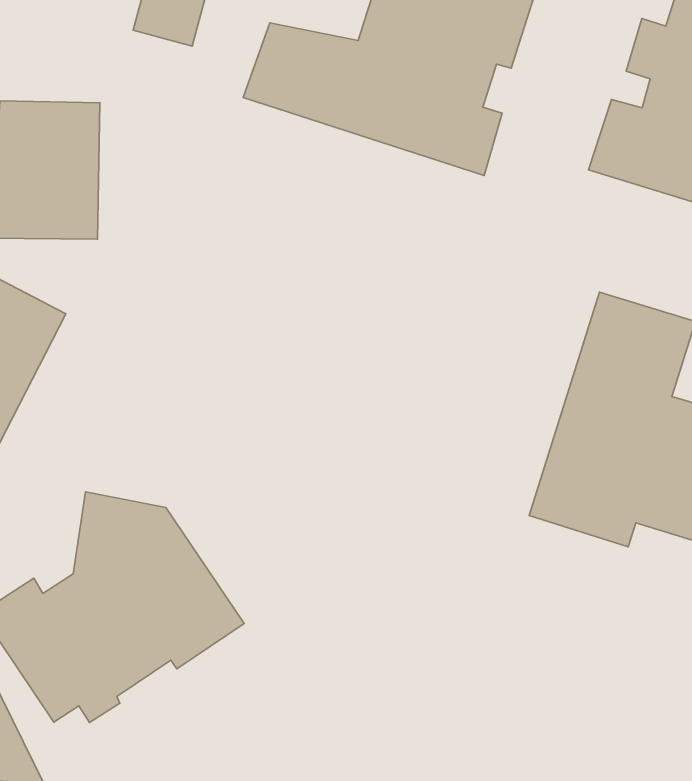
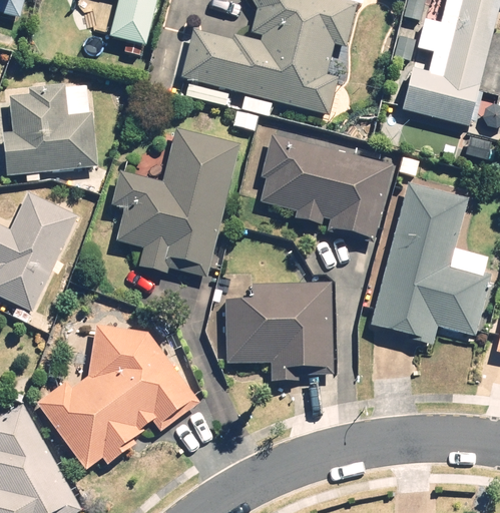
building: none -> [110,125,239,273]
building: none -> [259,132,393,243]
building: none -> [222,283,333,381]

